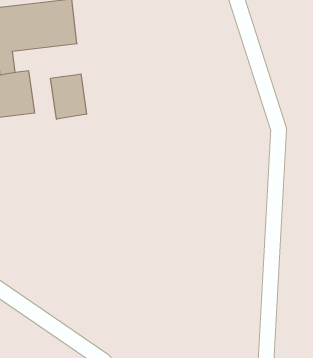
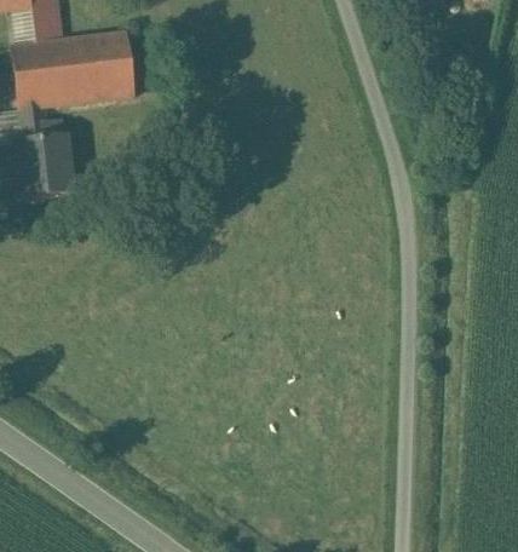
building: [51,74,87,119] -> none

